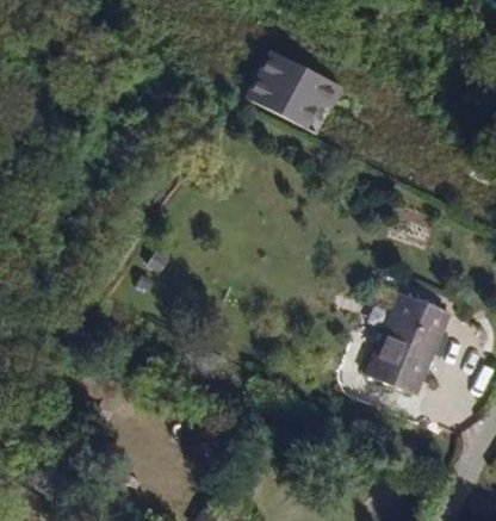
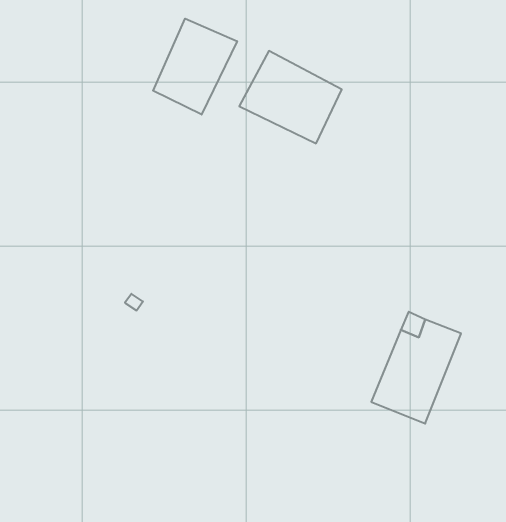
building: none -> [153,19,237,115]

